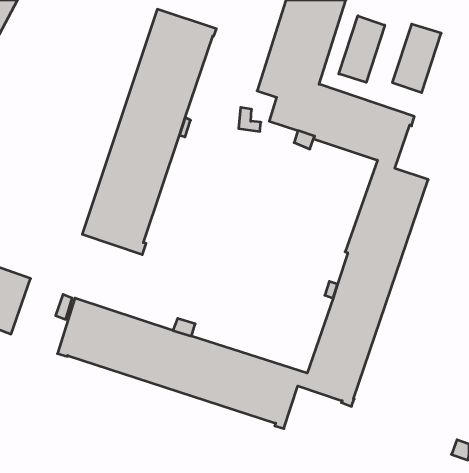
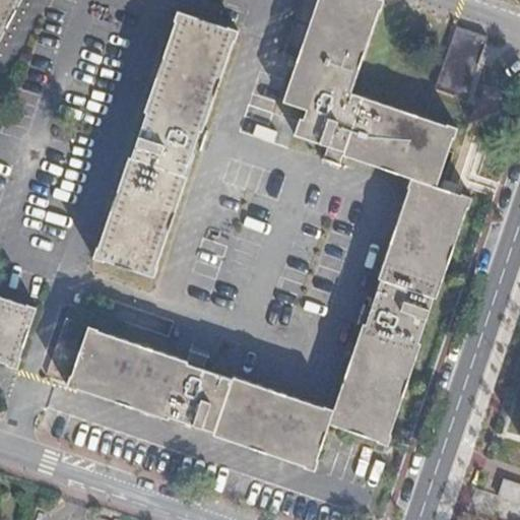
building: [339,16,385,82] -> none

